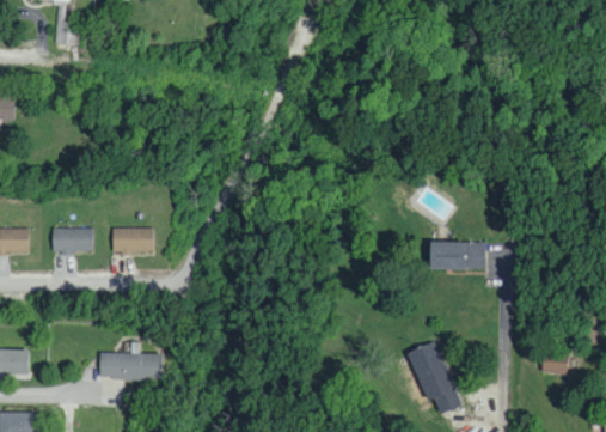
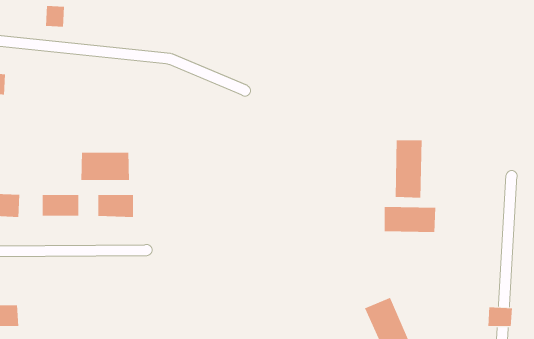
building: none -> [395,140,422,199]
building: none -> [81,152,129,181]
building: [99,353,161,381] -> none

